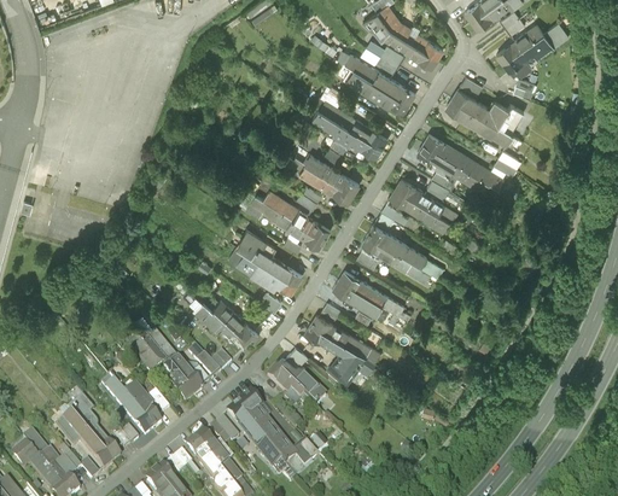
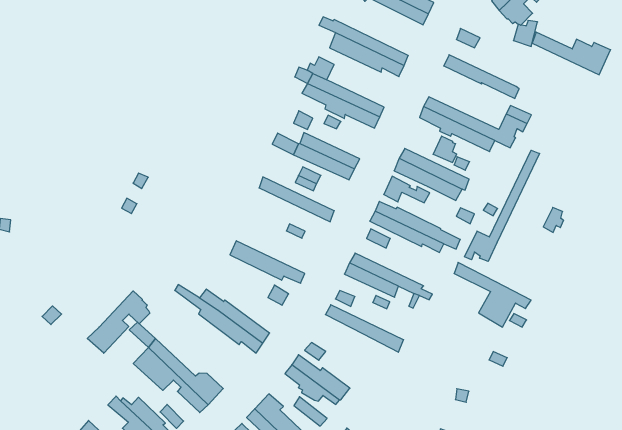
building: [366,46,406,74] -> none
building: [453,89,524,135] -> [532,32,611,75]
building: [243,192,326,247] -> none
building: none -> [464,150,540,261]
building: [238,229,303,284] -> none
building: none -> [87,291,150,353]
building: [307,323,374,387] -> [454,262,531,327]
building: [192,348,232,377] -> none

